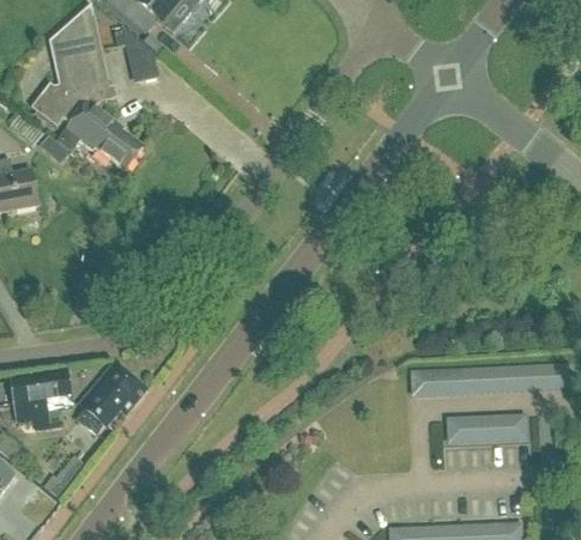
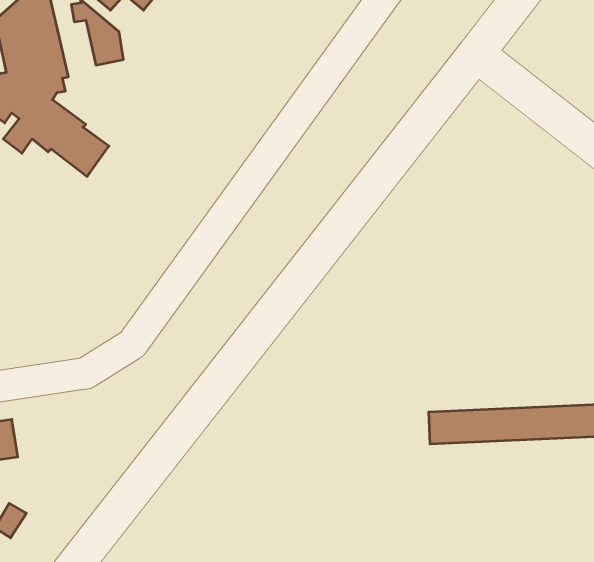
building: [80,363,146,426] -> none
building: [443,413,527,443] -> none

